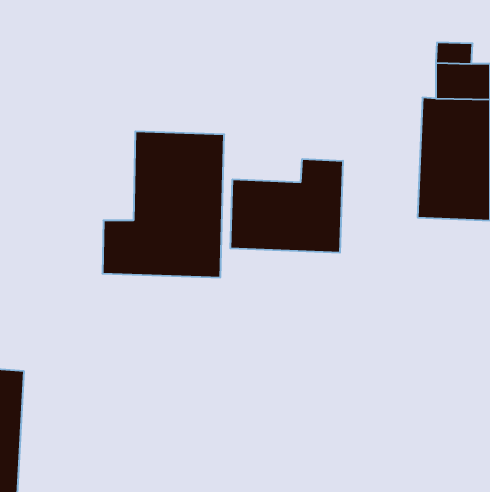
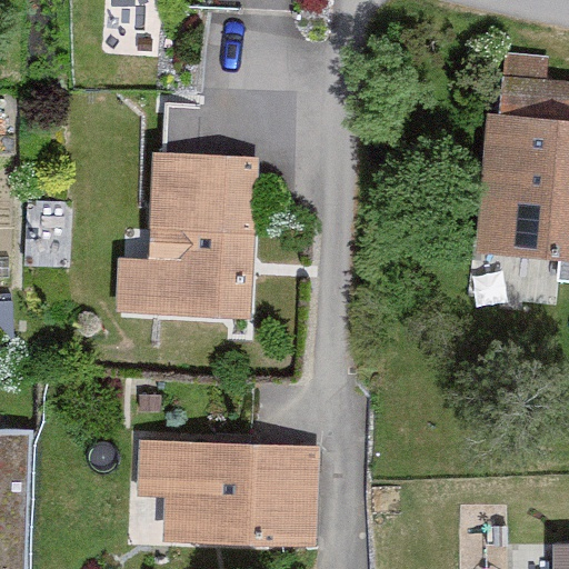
building: [230,159,343,253] -> none
building: none -> [136,439,316,550]

